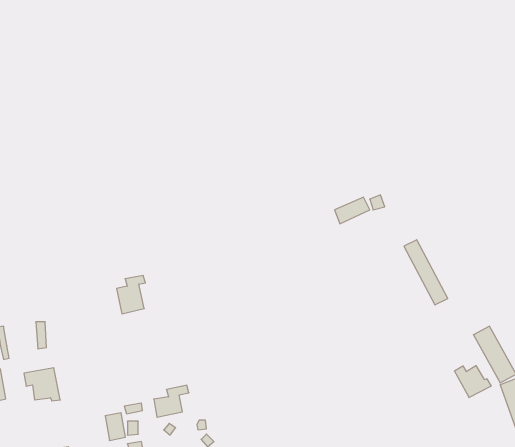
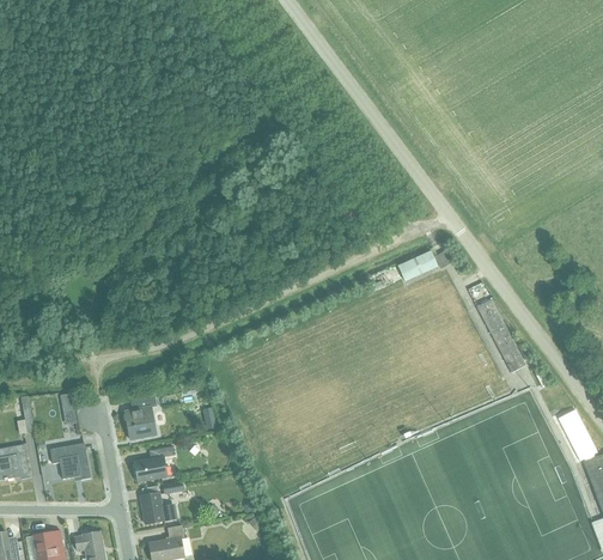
building: [117,276,145,314] -> [124,397,157,440]
building: [454,366,491,398] -> none
building: [154,385,189,417] -> [135,446,175,482]

